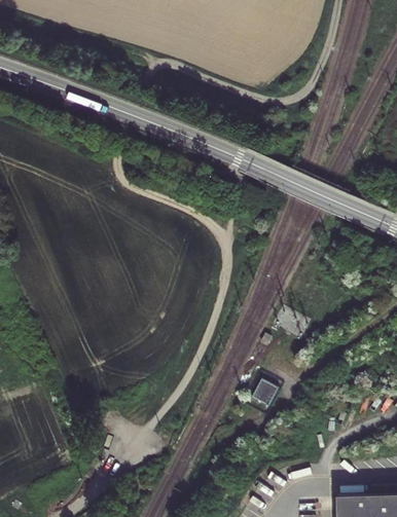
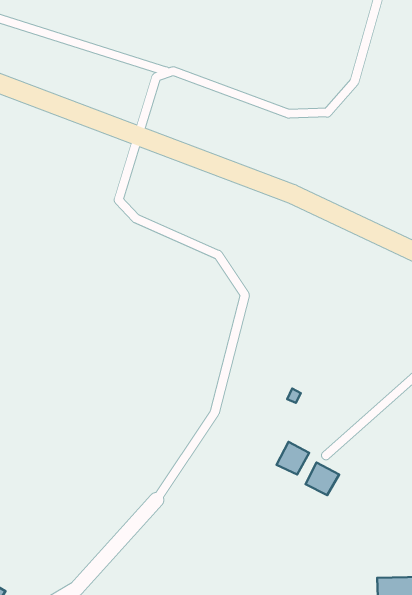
building: none -> [305,463,339,495]

